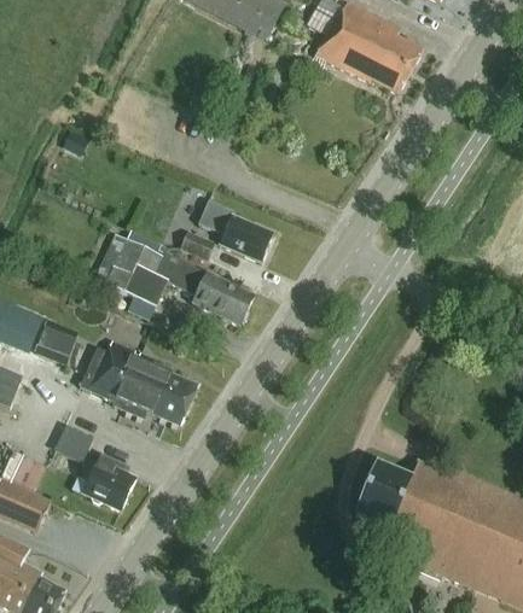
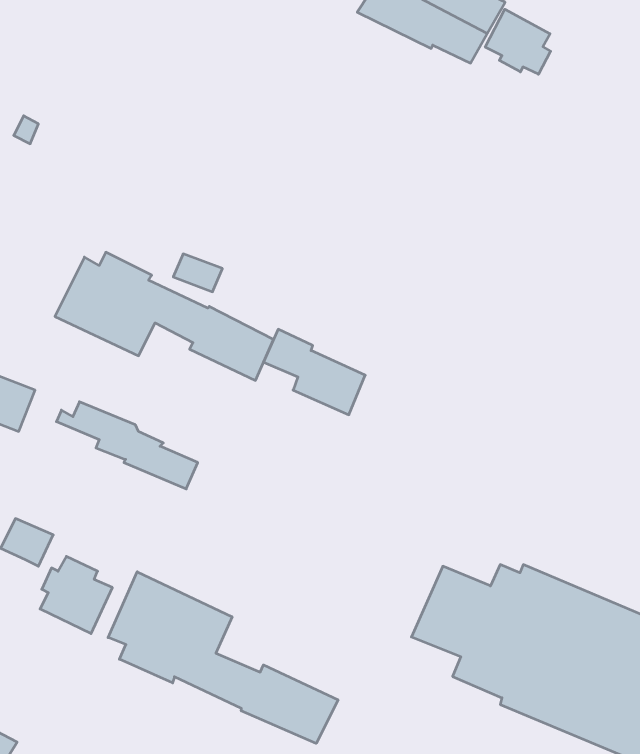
building: none -> [485,9,551,74]
building: [197,199,272,262] -> [263,329,365,415]
building: [79,355,188,426] -> none
building: none -> [108,572,338,743]

